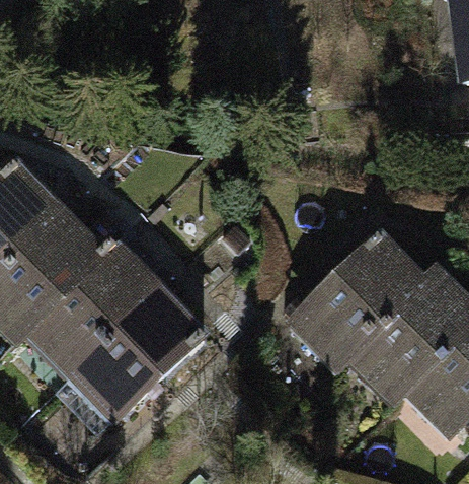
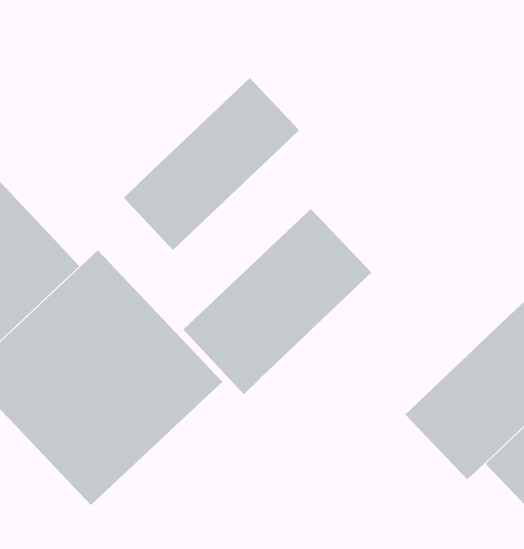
building: none -> [123,77,300,251]
building: [285,231,425,370] -> [183,208,372,395]

